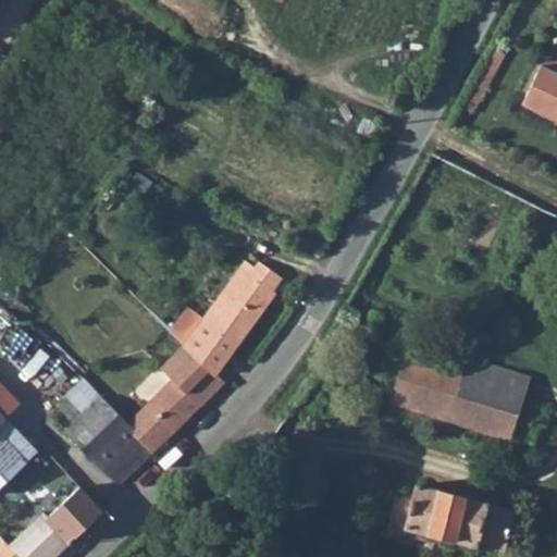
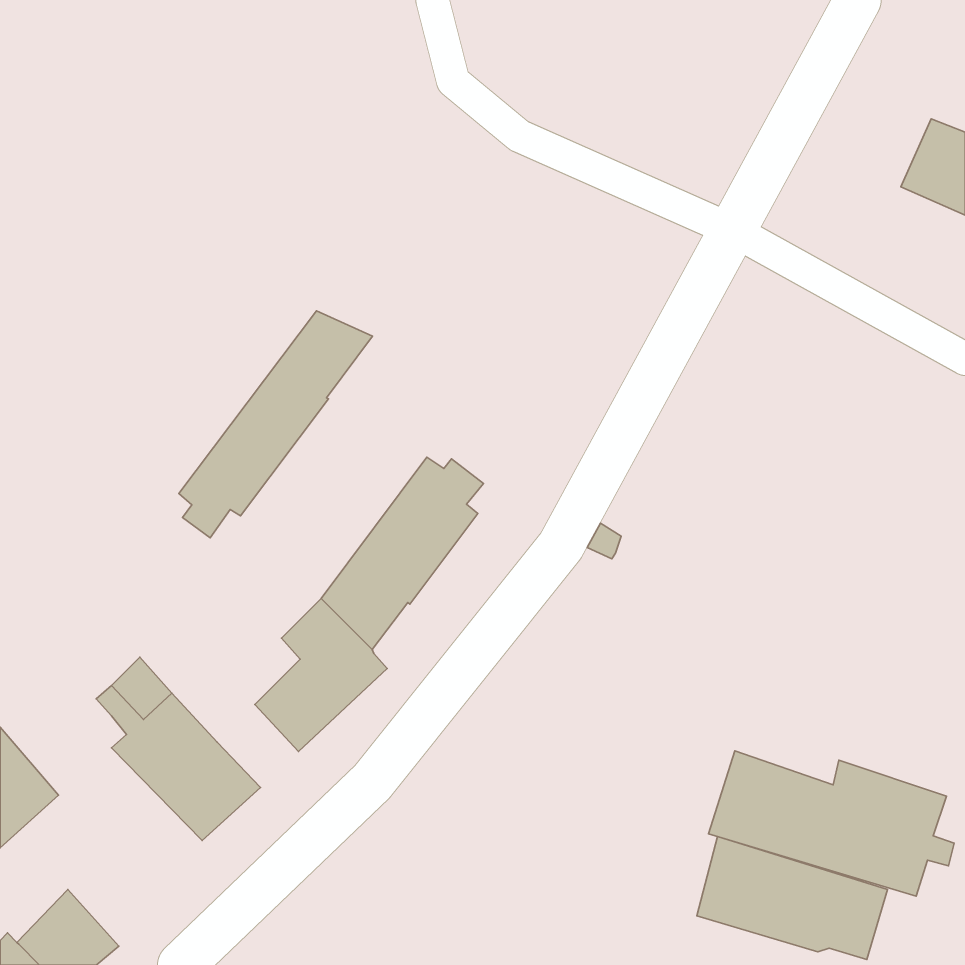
building: none -> [179,311,372,538]
building: [392,352,533,436] -> [709,751,954,896]
building: [125,406,172,454] -> none
building: [39,488,102,545] -> none

